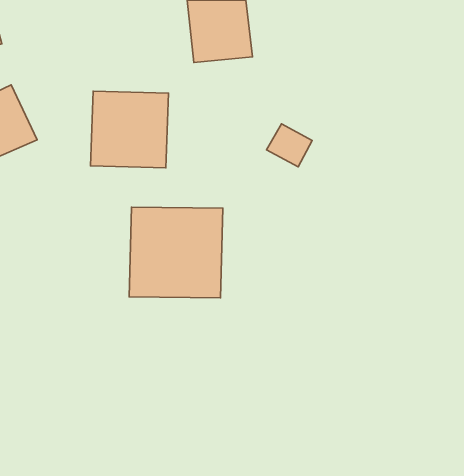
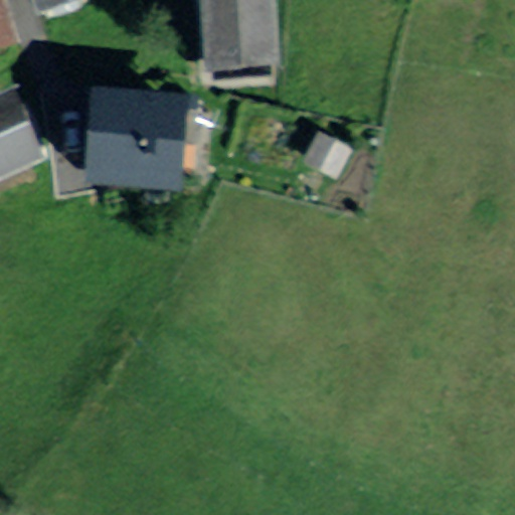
building: [129,207,223,298] -> none

